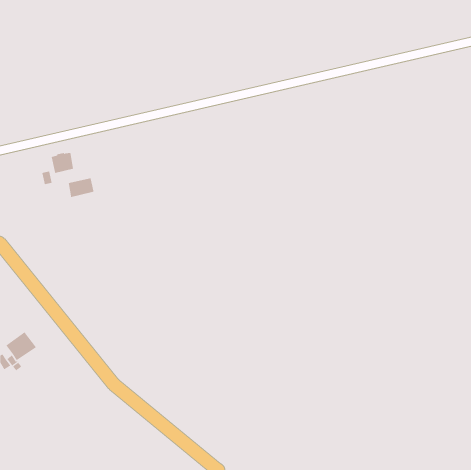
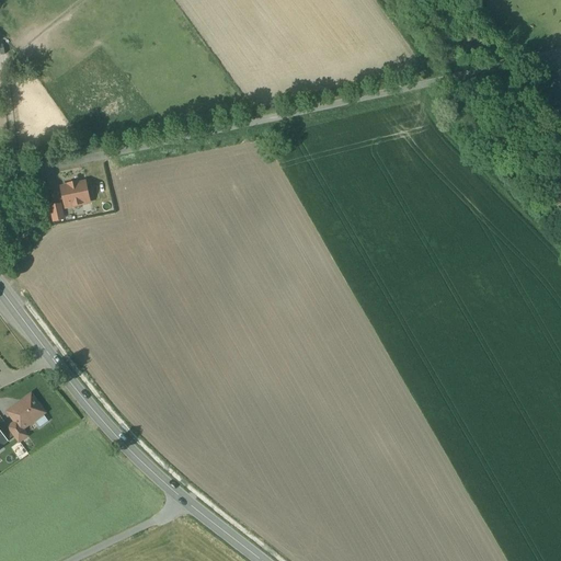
building: [68,177,94,198] -> none

